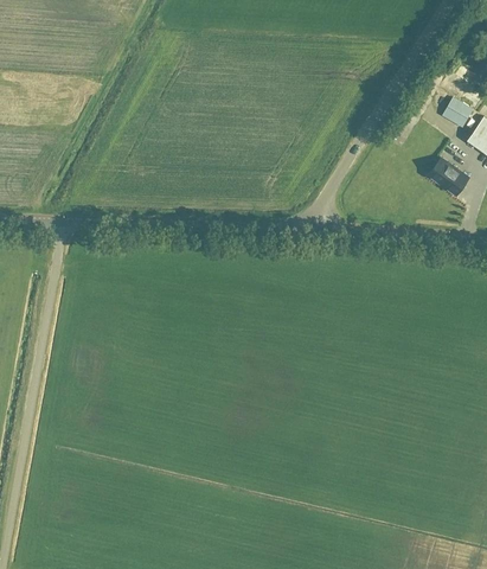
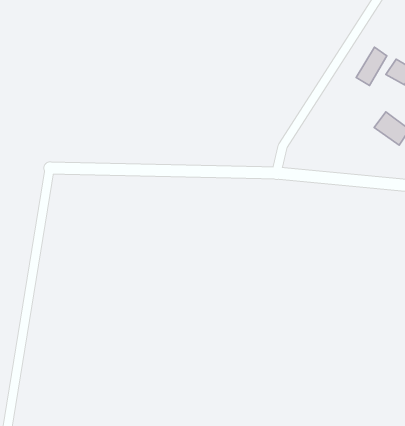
building: none -> [356,47,387,85]

